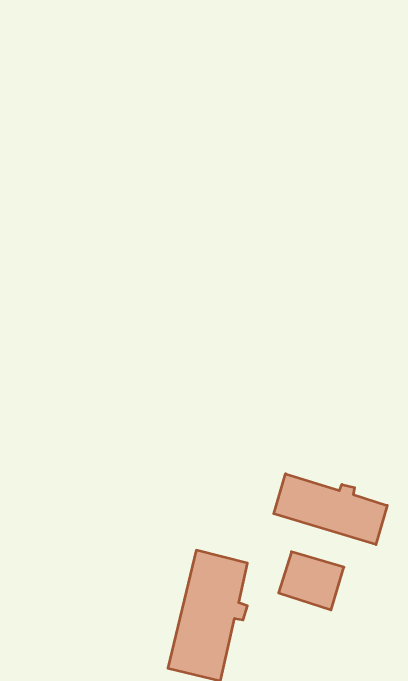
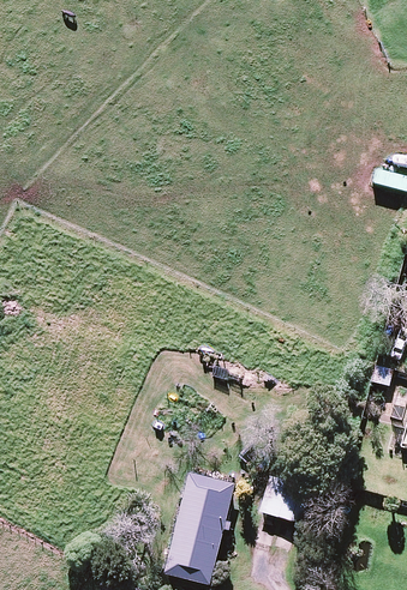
building: [274,474,387,545] -> none

